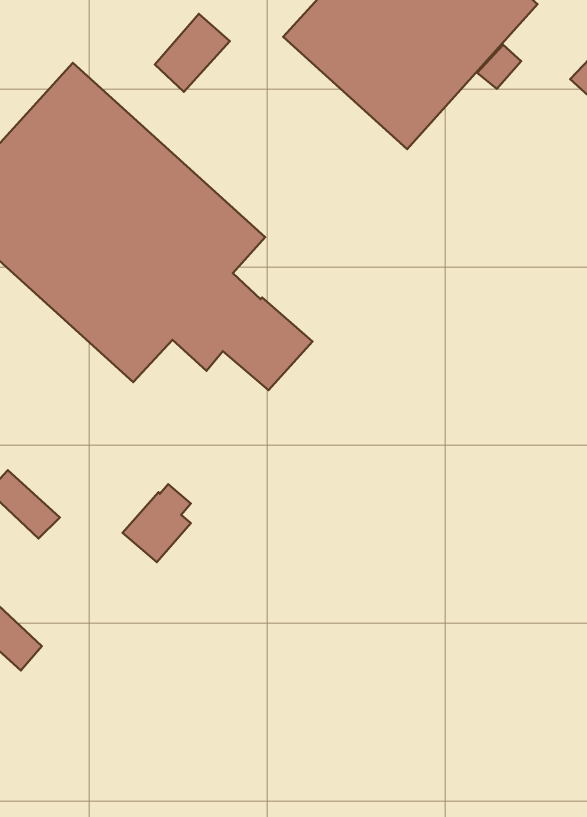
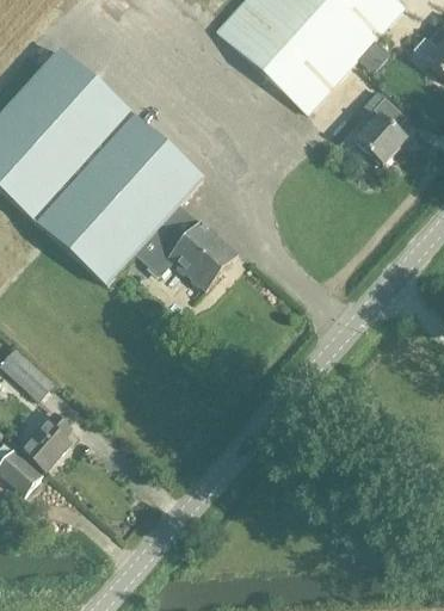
building: [155,14,230,92] -> none
building: none -> [357,95,407,163]
building: [122,484,191,562] -> [21,413,72,470]

